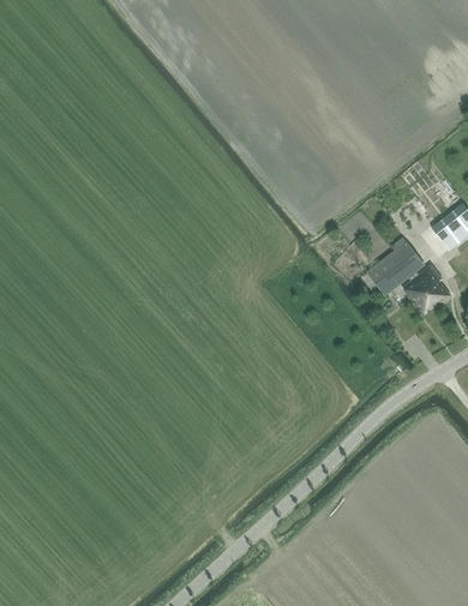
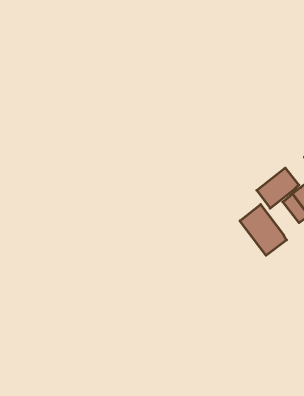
building: none -> [240,204,287,255]

